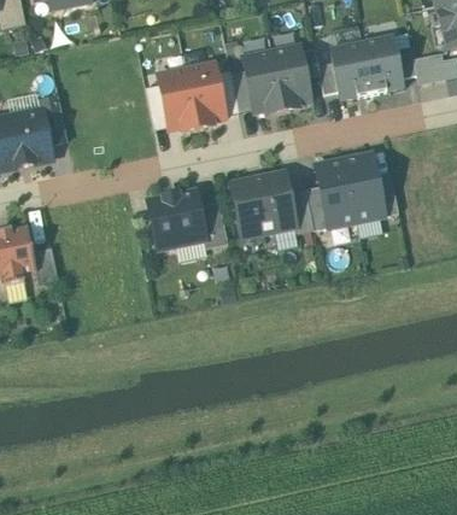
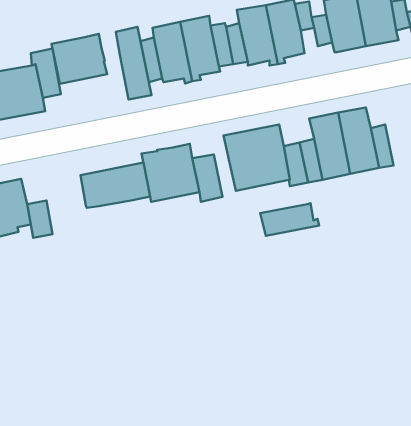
building: none -> [116,27,151,99]
building: none -> [51,34,107,84]
building: none -> [80,162,150,208]
building: none -> [260,203,319,236]

